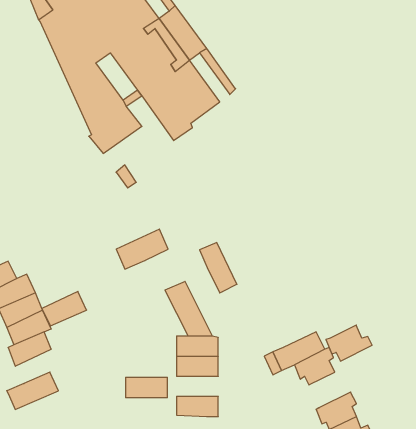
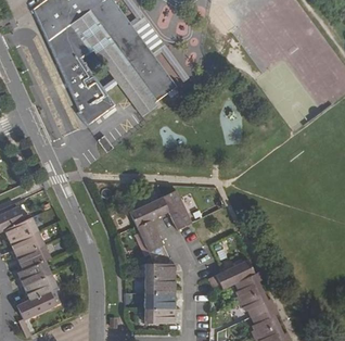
building: [116,229,168,269] -> [128,198,167,228]
building: [42,291,87,326] -> [22,273,55,299]
building: [326,325,372,361] -> [240,290,274,317]
building: [126,377,167,398] -> [143,293,175,308]

